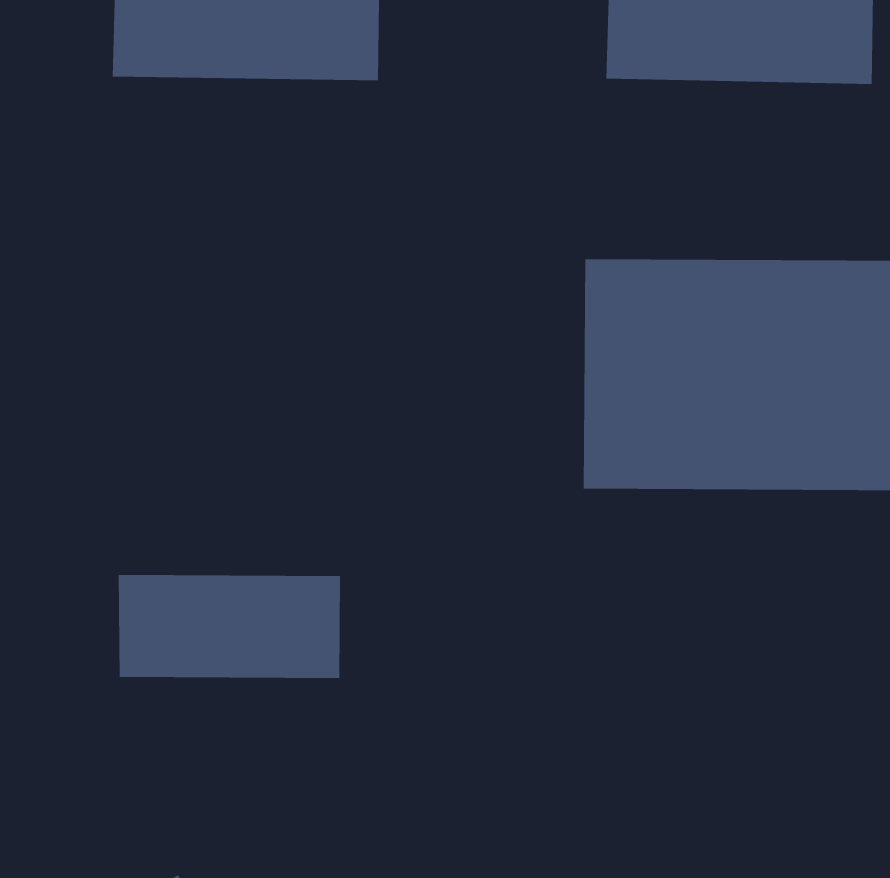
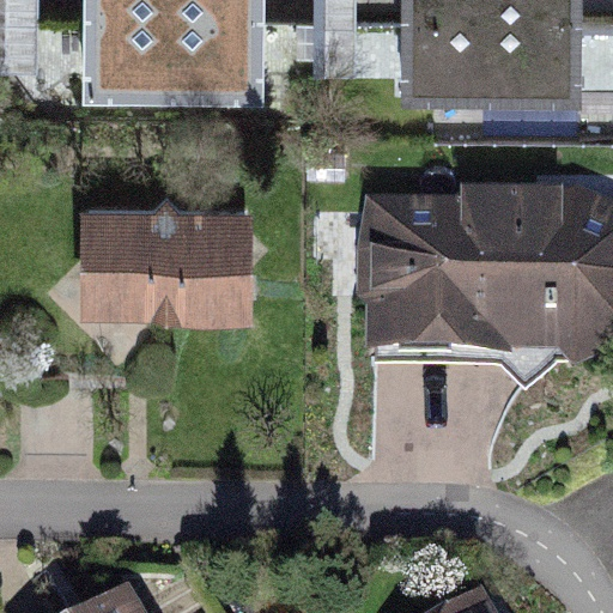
building: none -> [95,213,267,309]
building: [118,574,341,679] -> none

